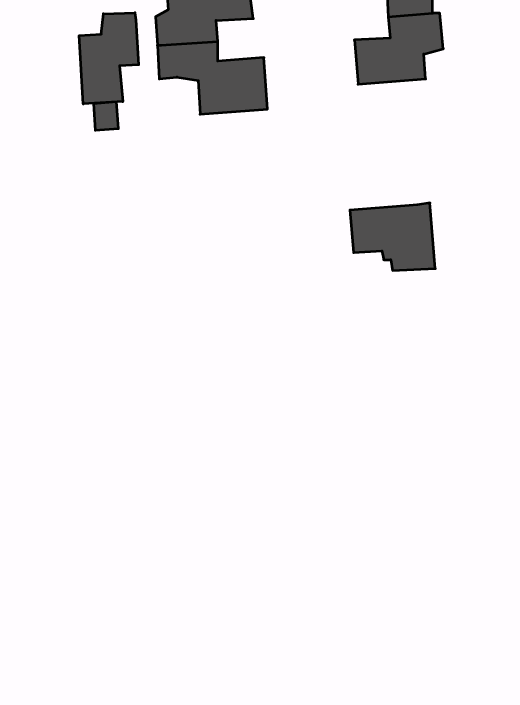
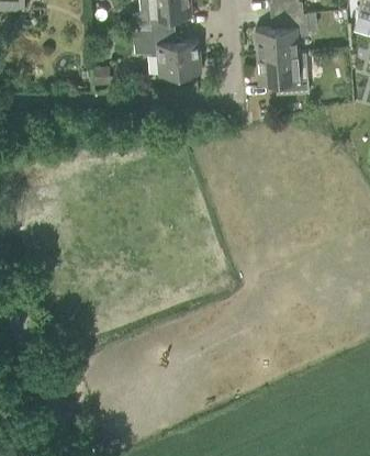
building: [79,13,139,104] -> none
building: [350,203,435,270] -> [257,53,310,94]

